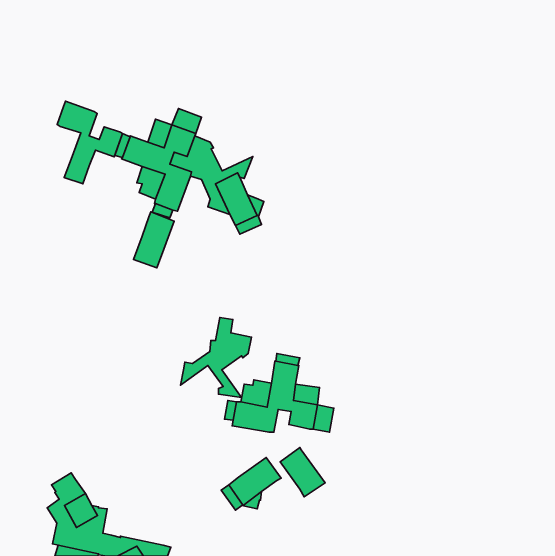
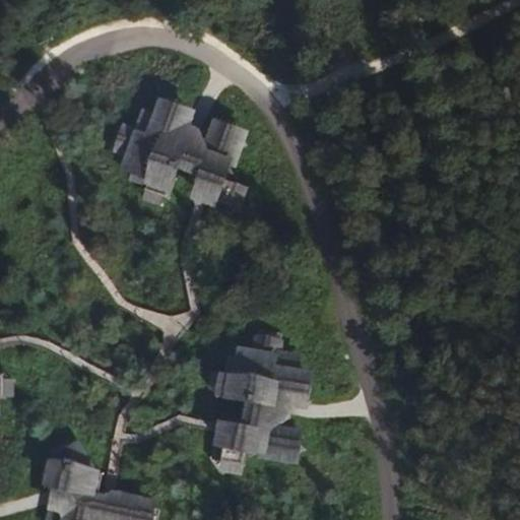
building: [57,101,123,184] -> none
building: none -> [196,122,242,158]
building: [133,212,174,268] -> none
building: [180,317,251,397] -> [221,380,287,454]

